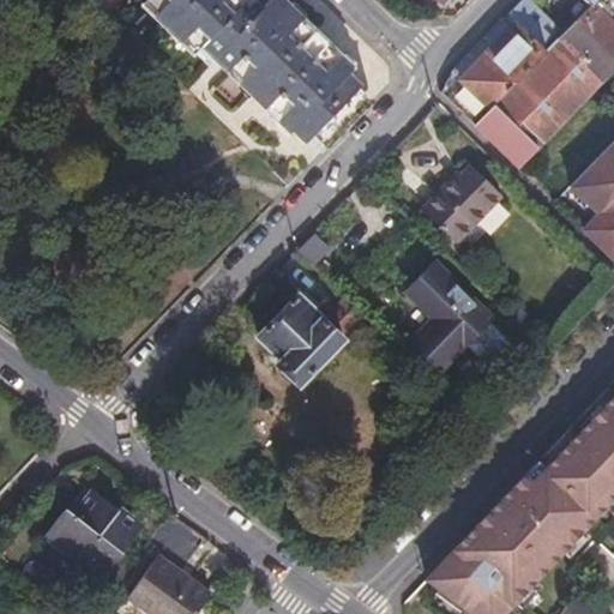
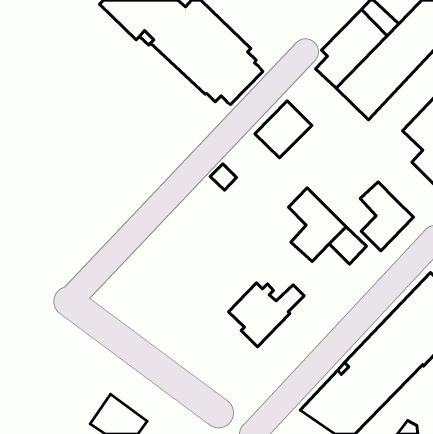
building: [423,162,504,242] -> [255,101,312,158]
building: none -> [360,182,414,251]
building: [258,296,365,386] -> [228,283,304,347]
building: [46,493,143,577] -> none

